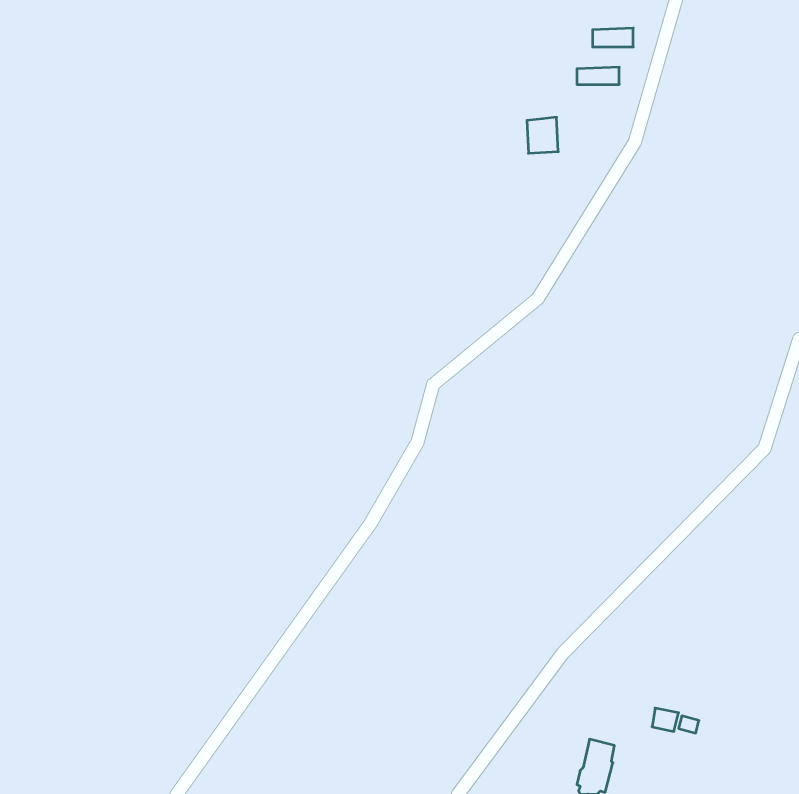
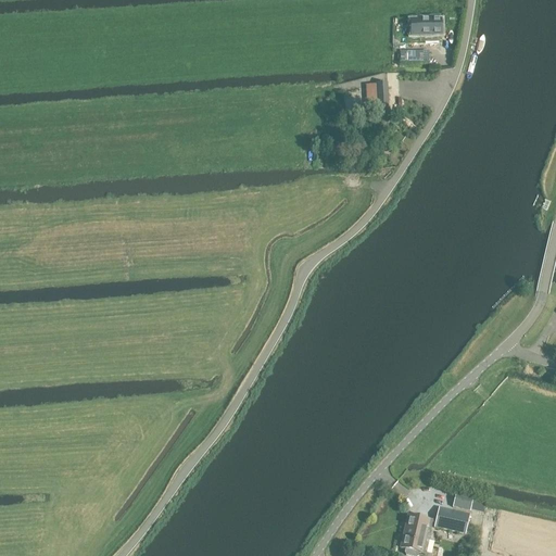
building: none -> [430,505,469,532]

